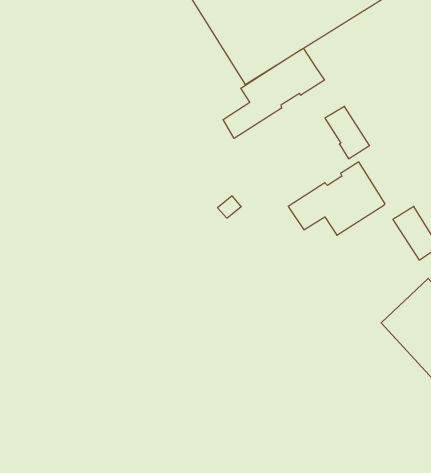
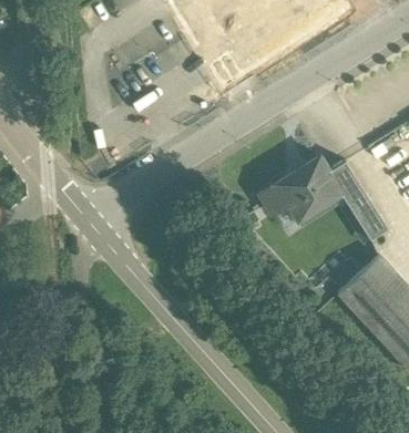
building: [223,48,325,138] -> none
building: [325,106,369,159] -> [327,158,365,203]

